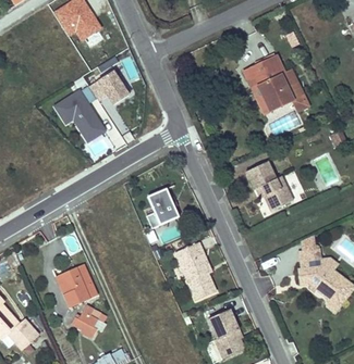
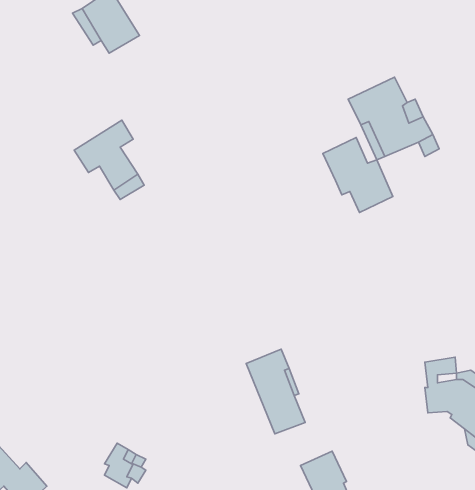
building: [89,70,130,103] -> none
building: [245,160,293,211] -> [323,138,393,212]
building: [147,188,179,228] -> none
building: [57,264,96,305] -> none

